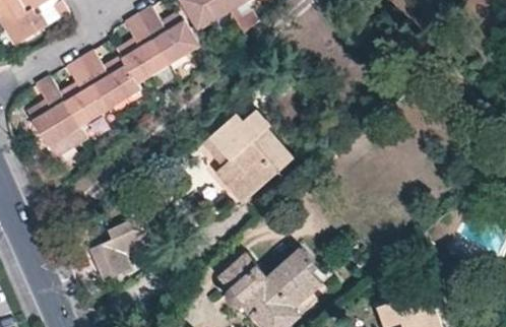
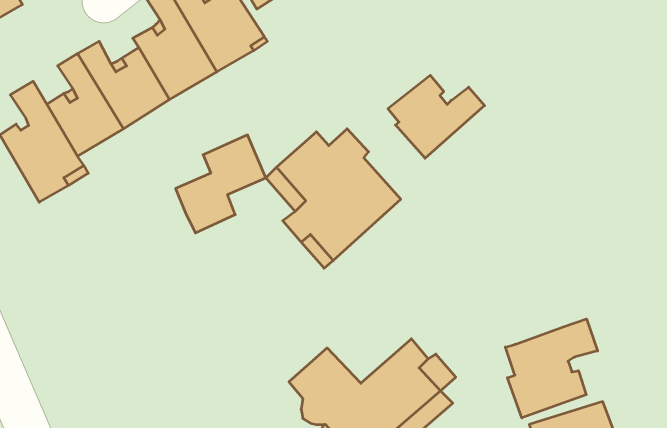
building: none -> [388,75,485,158]
building: [88,216,148,281] -> [176,135,266,233]
building: none -> [505,319,598,418]

